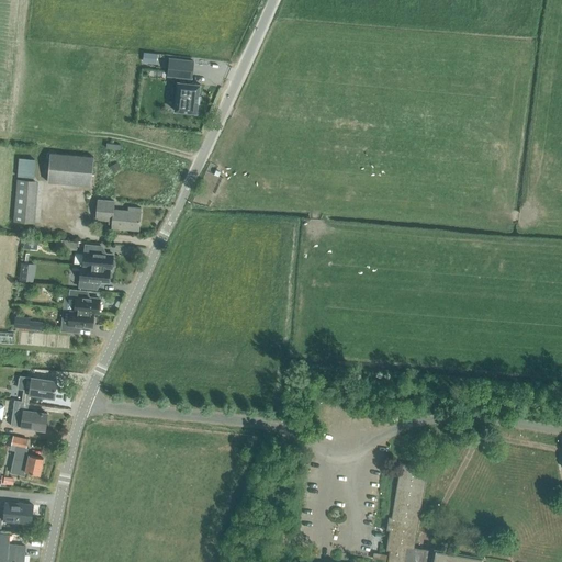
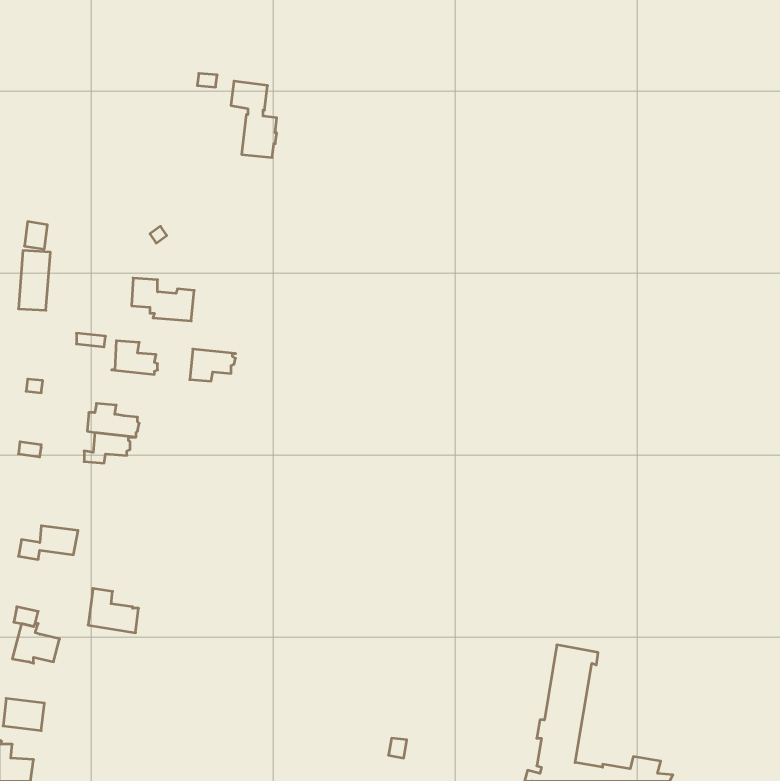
building: [46,154,92,187] -> none
building: [78,266,111,289] -> [190,349,236,381]
building: [10,400,46,431] -> [88,588,139,633]

